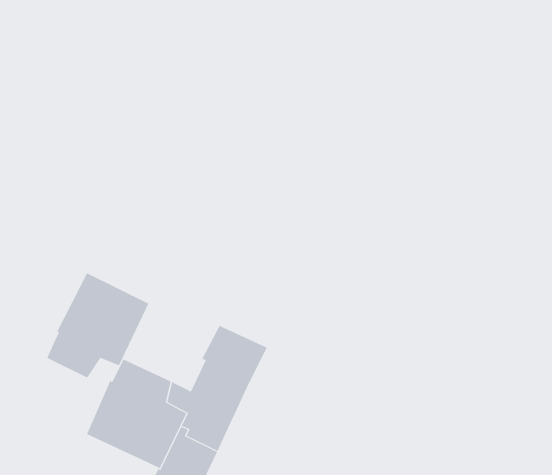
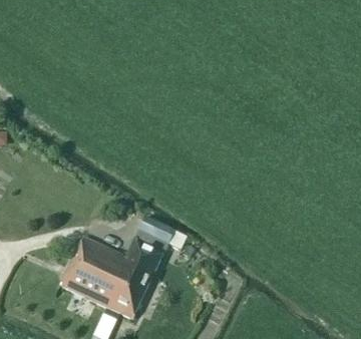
building: [46,272,149,378] -> none

